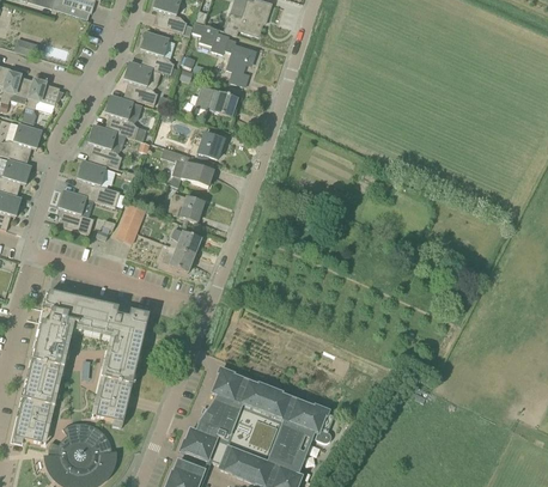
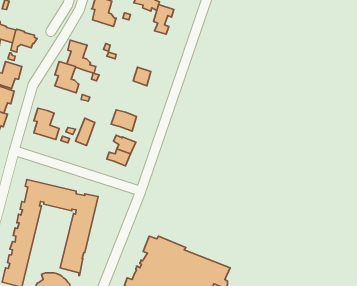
building: [123,61,157,104] -> none
building: [194,84,236,116] -> none
building: [169,158,213,185] -> none
building: [77,159,120,206] -> none

